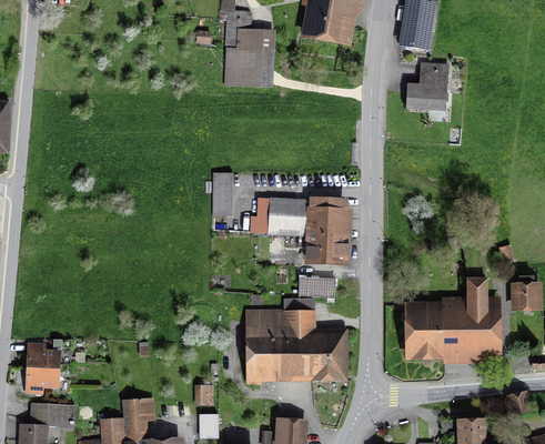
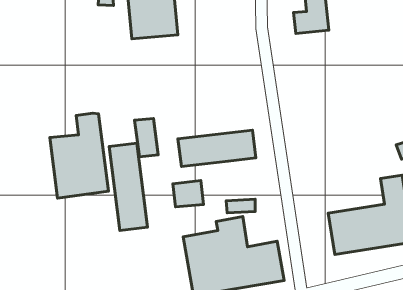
building: none -> [50,113,108,198]
building: none -> [109,143,148,230]
building: [307,234,340,262] -> [173,181,203,207]

